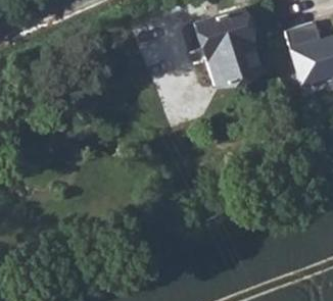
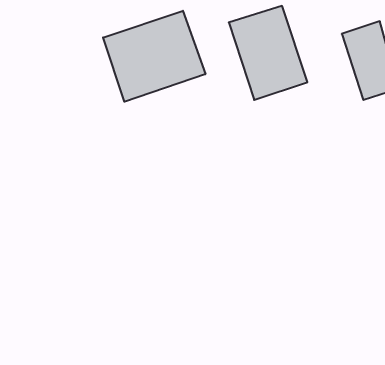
building: none -> [103,11,205,102]

